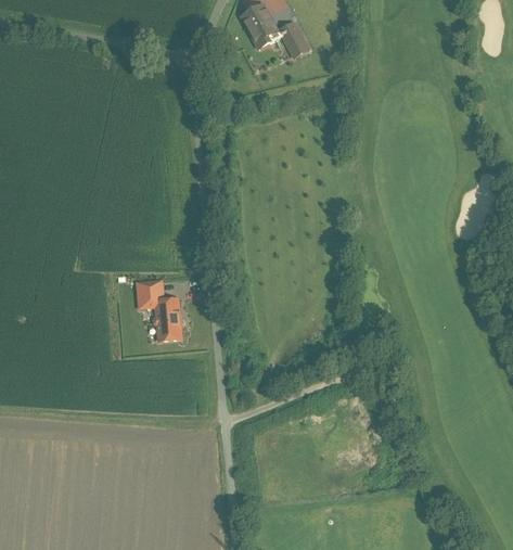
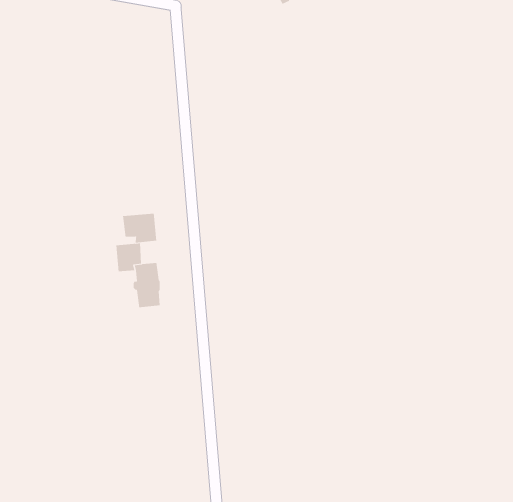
building: none -> [123,213,157,243]

